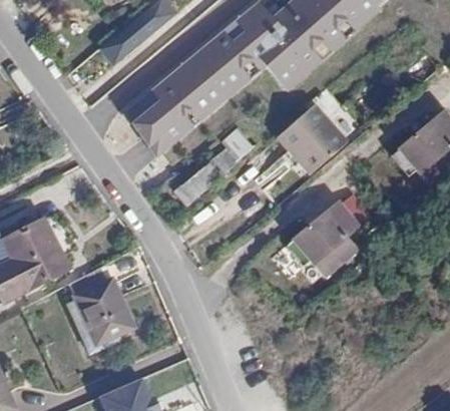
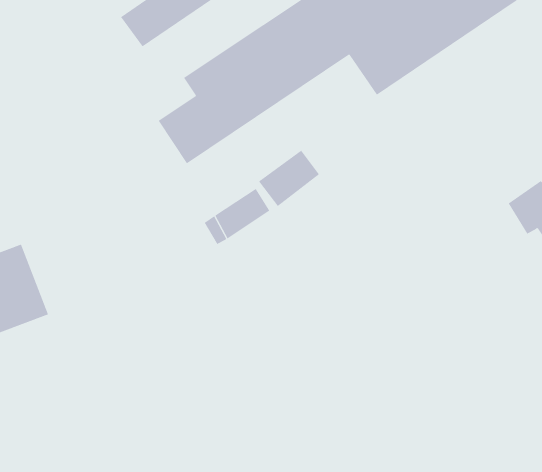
building: [277,103,350,176] -> none
building: [286,201,360,278] -> none
building: [74,280,134,345] -> none

